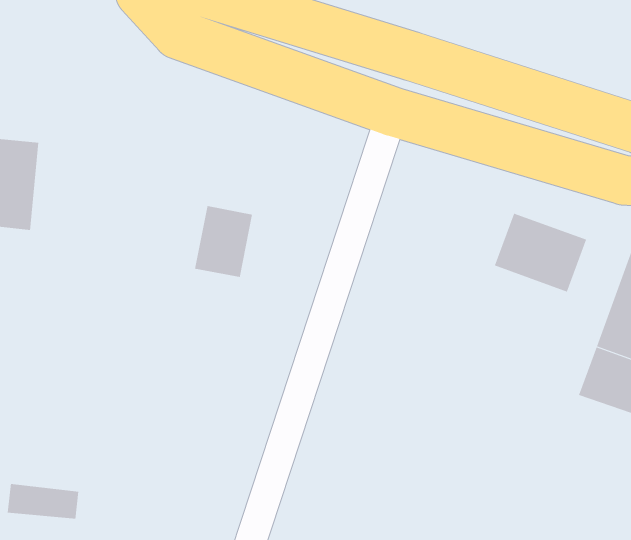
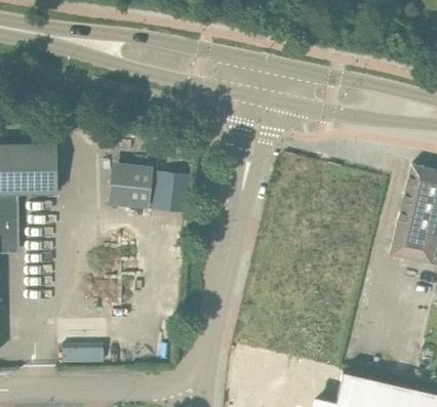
building: none -> [111,159,158,208]
building: [494,213,587,292] -> none

